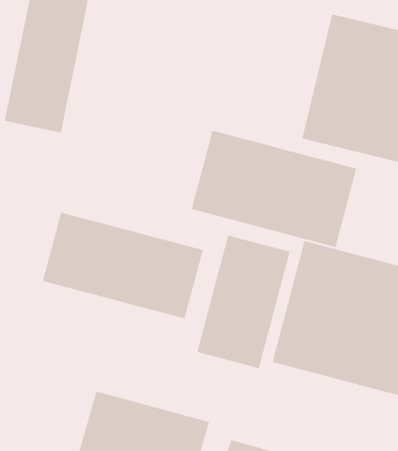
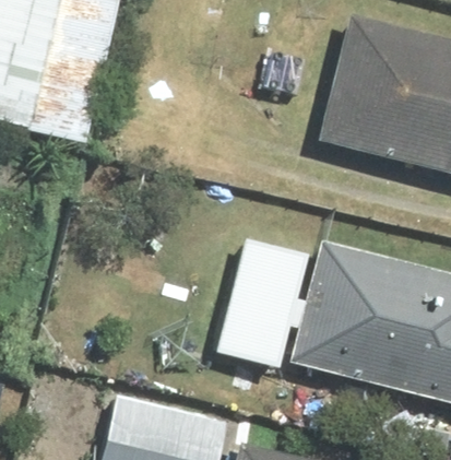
building: [191,130,357,248] -> none
building: [42,212,203,319] -> none

